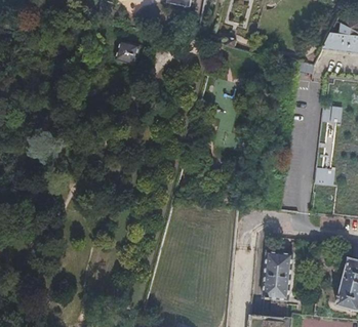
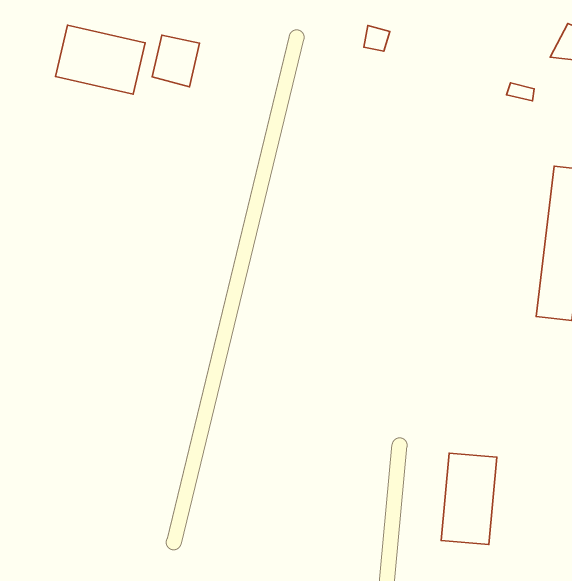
building: none -> [56,25,145,94]

